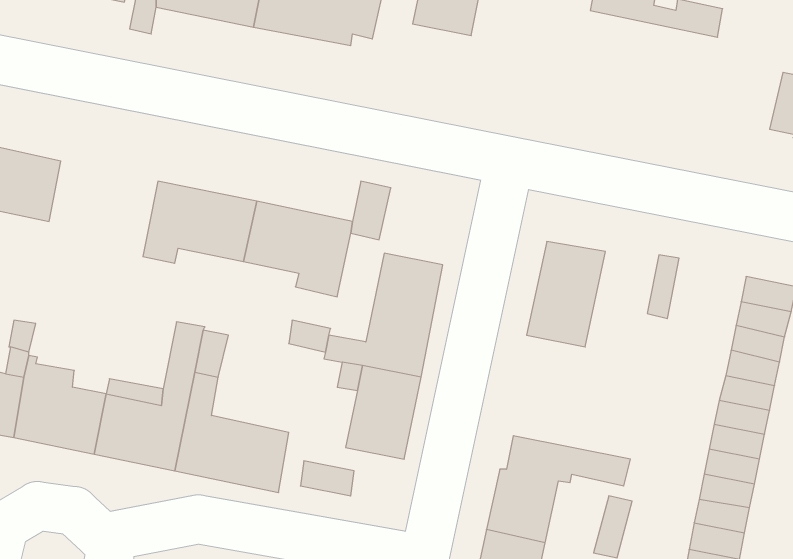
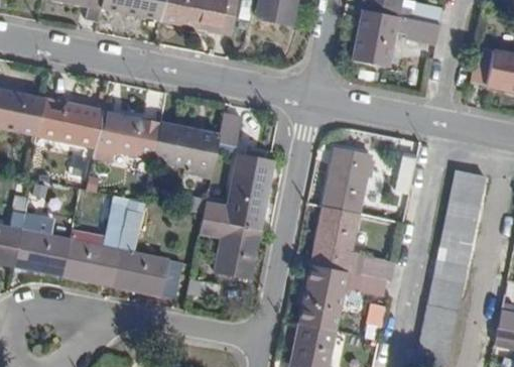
building: none -> [353,9,438,65]
building: none -> [36,100,102,144]
building: none -> [315,205,395,280]

